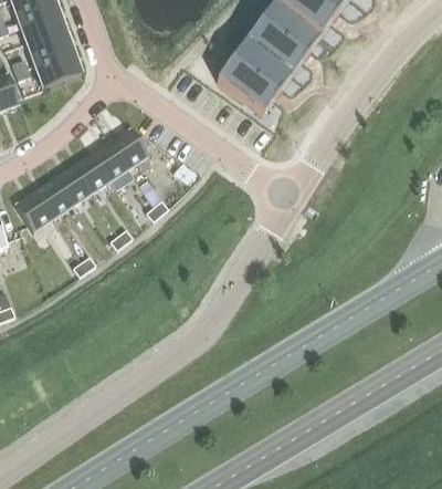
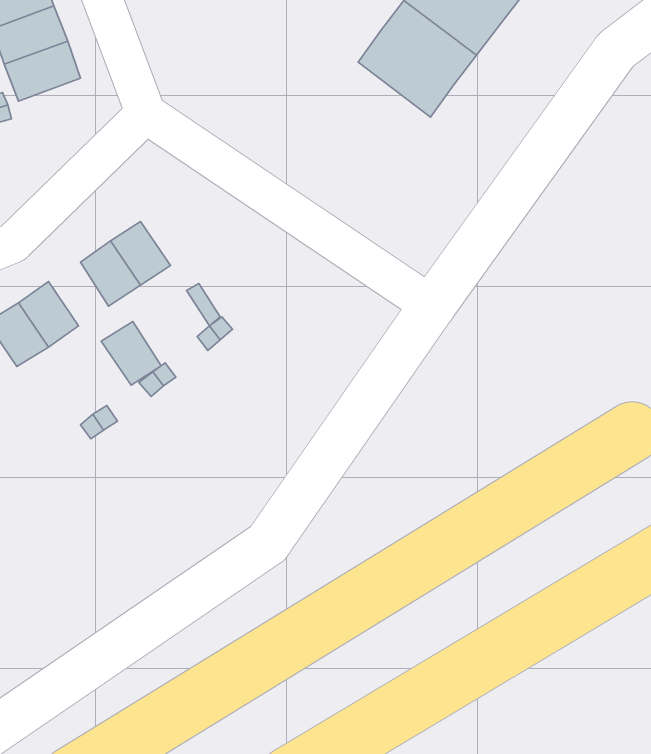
building: [215,40,291,113] -> none
building: [33,50,81,87] -> none
building: [109,126,148,167] -> none
building: [52,165,90,205] -> [101,322,161,385]

